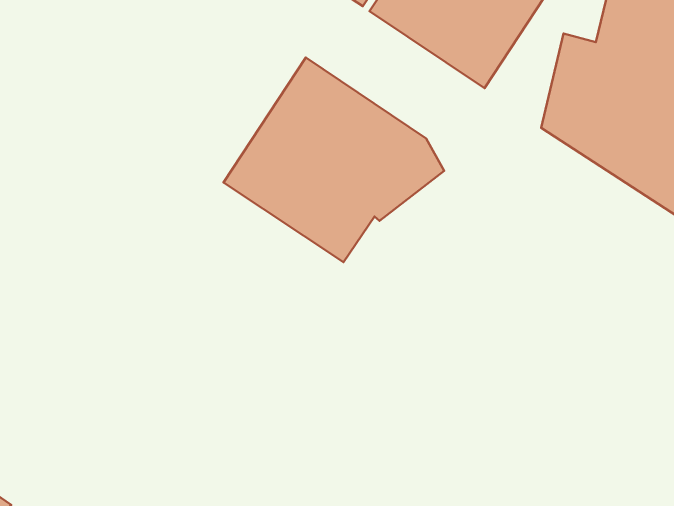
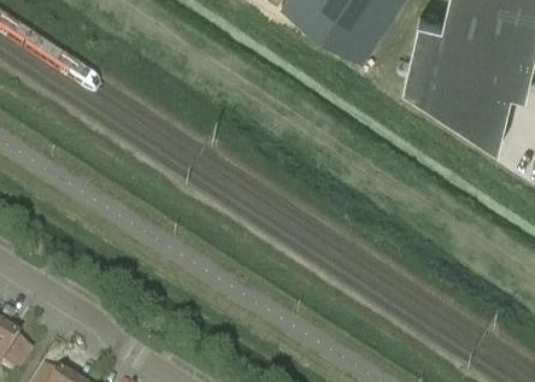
building: [224,57,444,262] -> none

